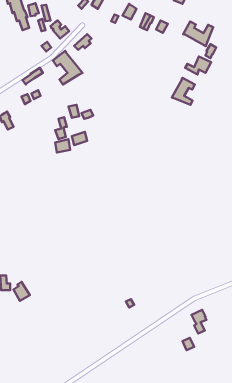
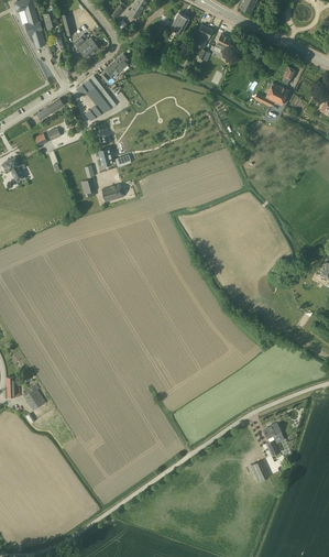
building: [183,22,213,46] -> none
building: [172,78,195,105] -> none

